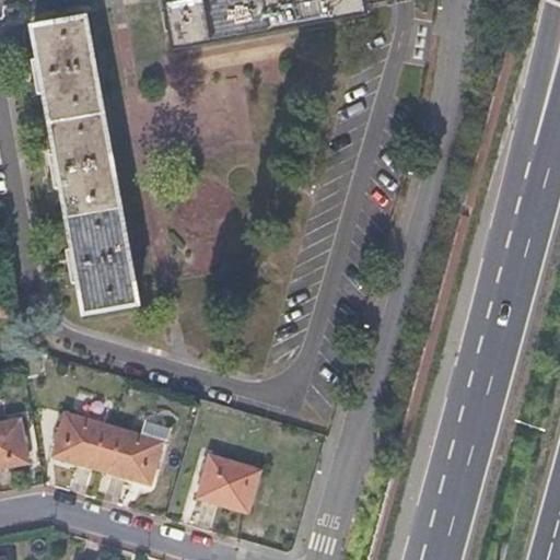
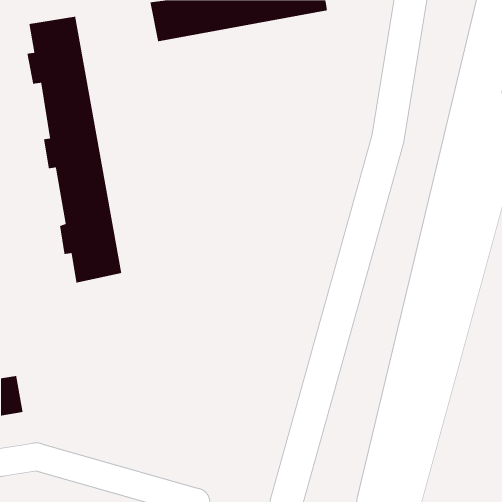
building: [52,411,162,482] -> none
building: [198,453,258,511] -> none

